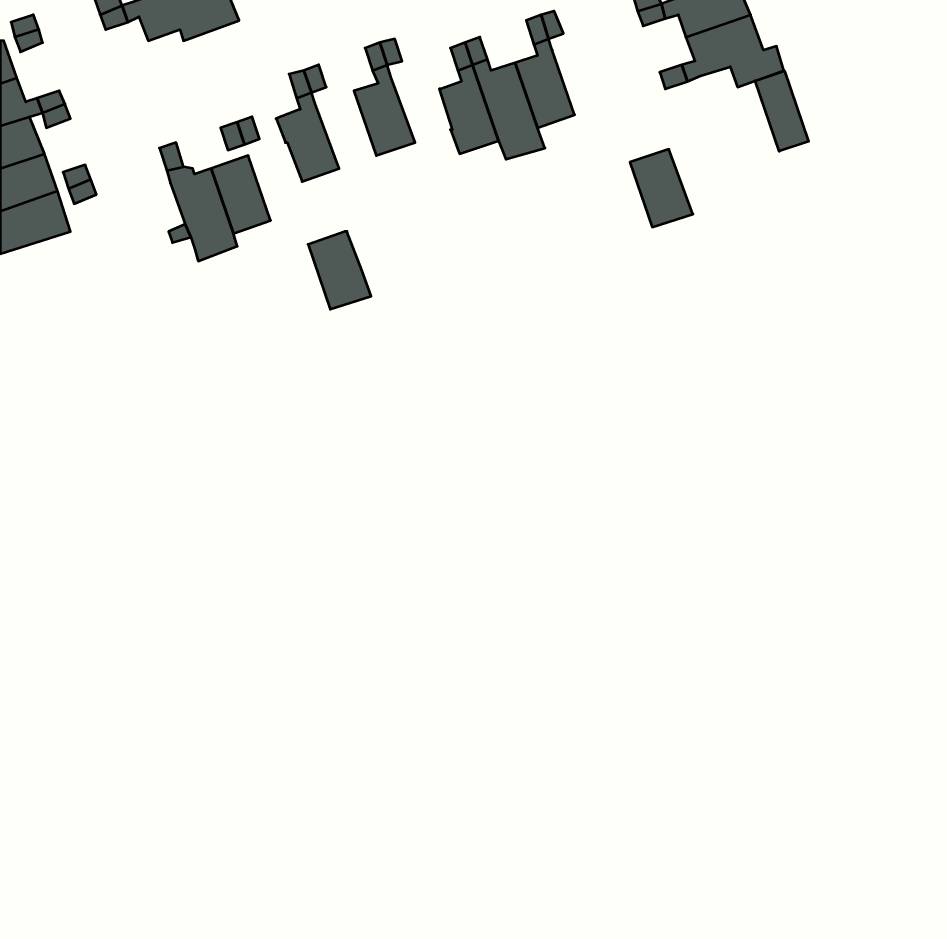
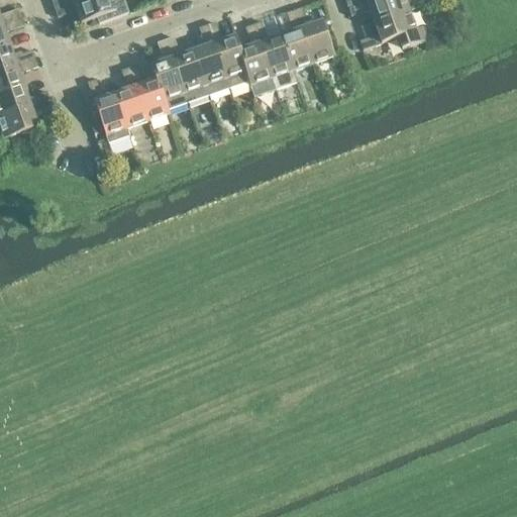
building: none -> [213,34,246,78]
building: [755,71,809,151] -> none
building: none -> [172,49,205,92]
building: [630,149,693,227] -> [301,20,335,63]
building: [308,231,371,309] -> [135,78,170,120]

